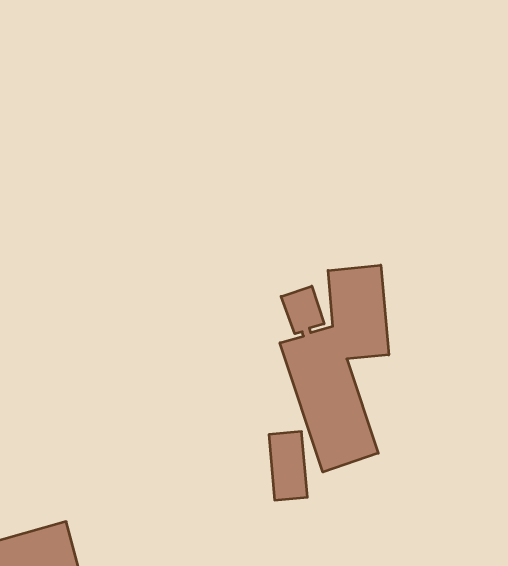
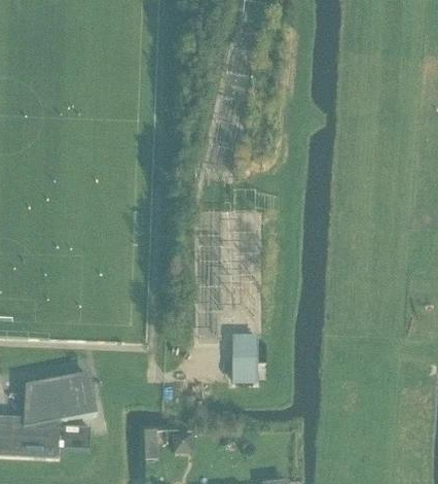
building: [280,265,389,472] -> none

